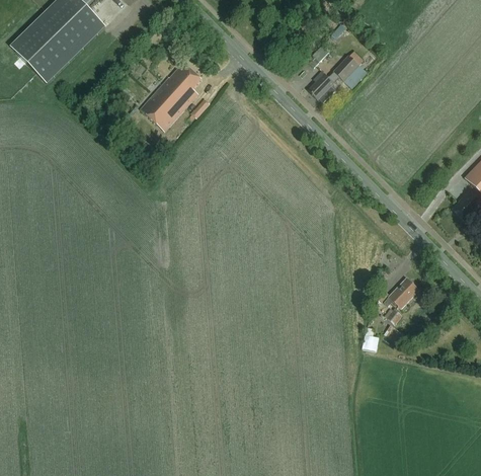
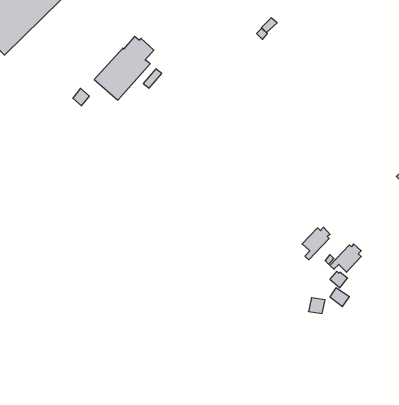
building: [309,53,359,100] -> none
building: none -> [302,227,330,260]

